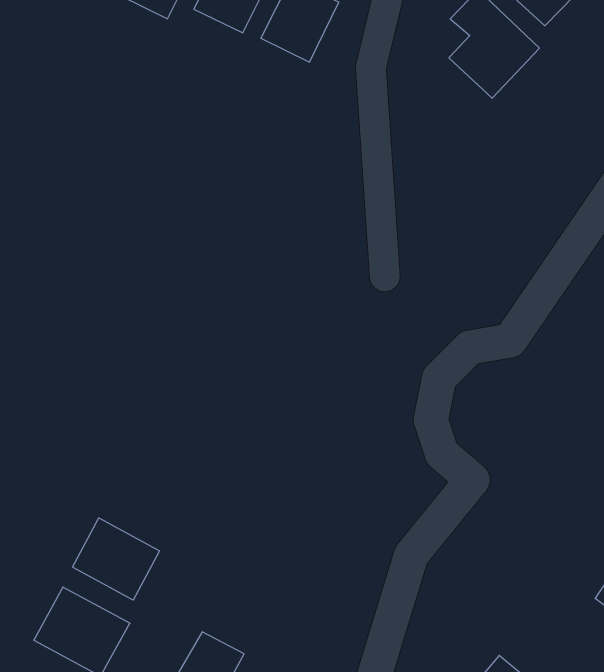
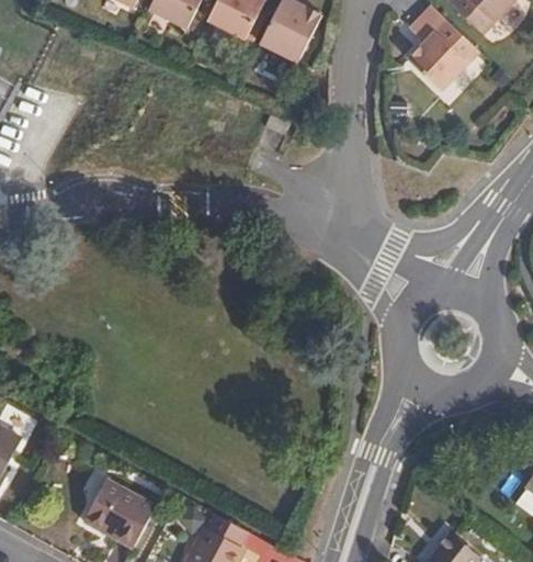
building: [73,518,159,600] -> none

